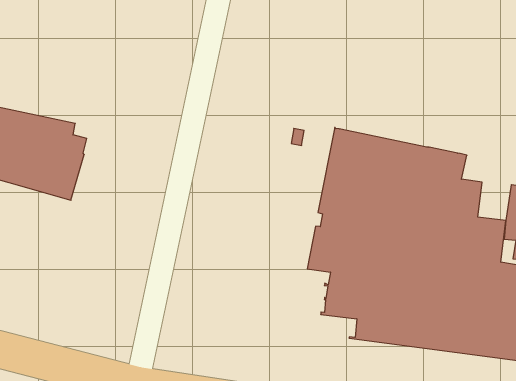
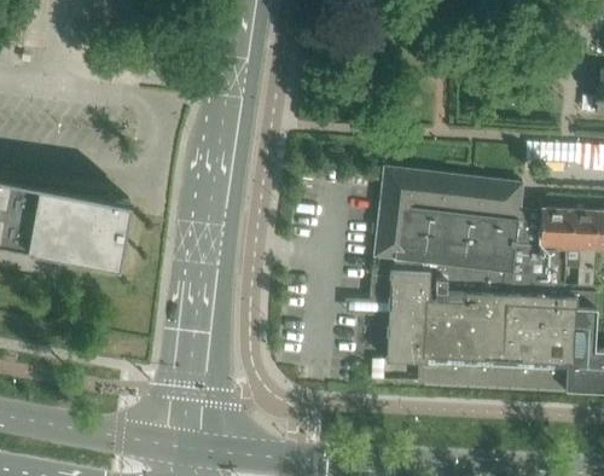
building: none -> [539,209,570,248]

